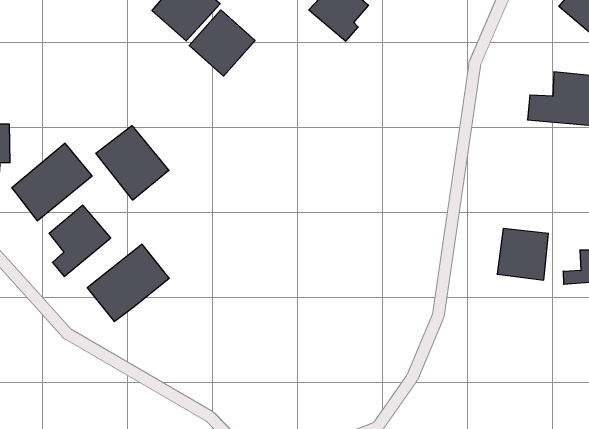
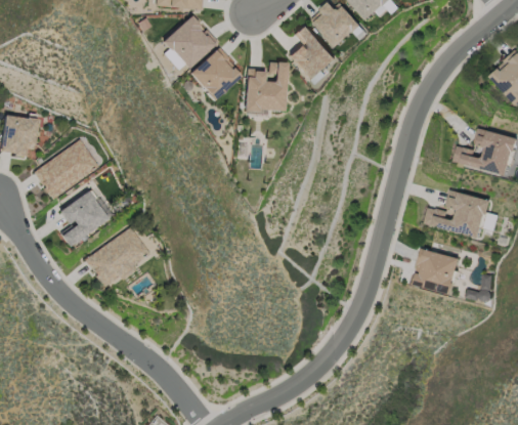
building: none -> [245,62,287,112]
building: [96,126,169,200] -> none
building: none -> [425,192,489,238]

